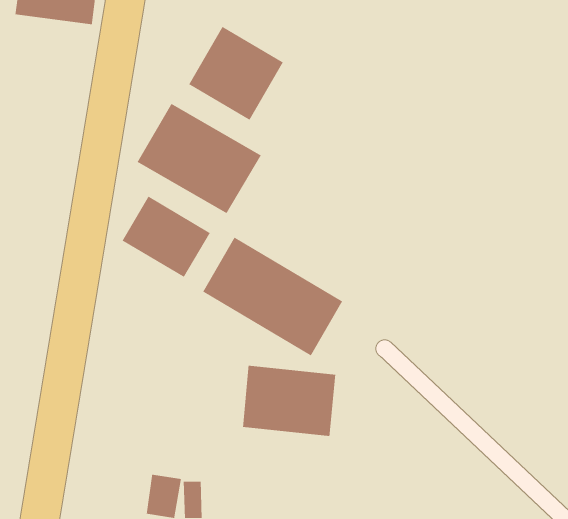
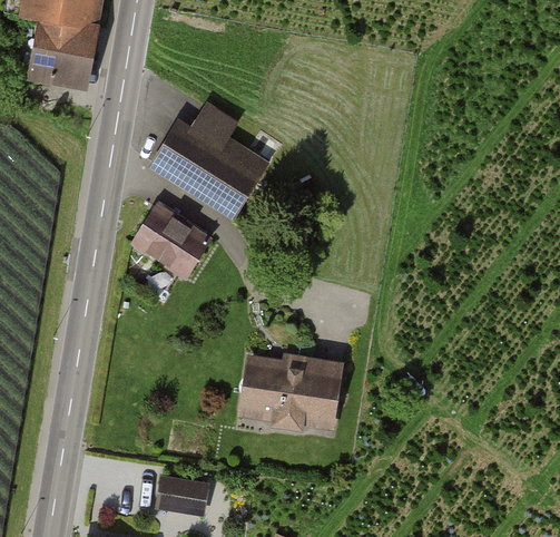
building: none -> [19,23,101,95]
building: [188,26,284,121] -> none
building: [202,237,343,357] -> none

